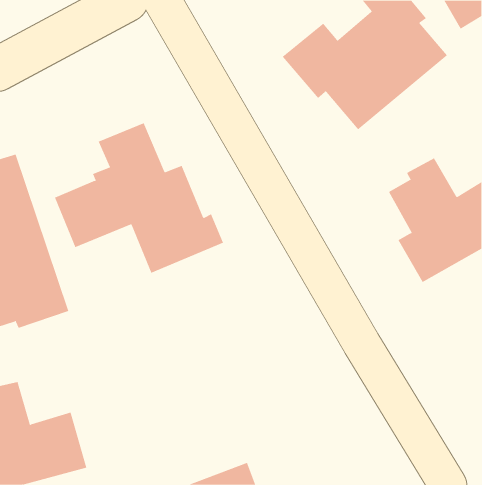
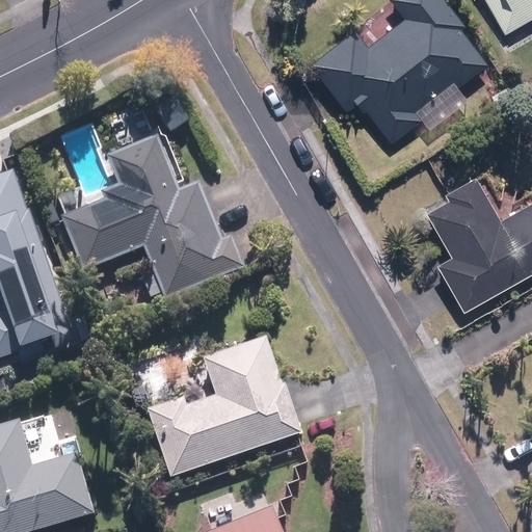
building: none -> [147,334,302,477]

